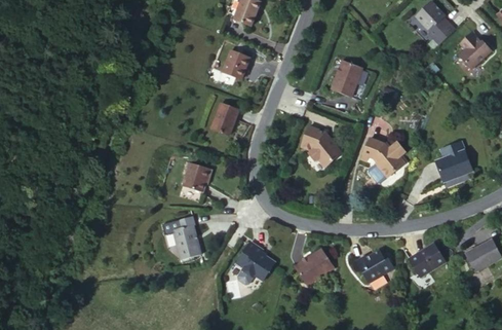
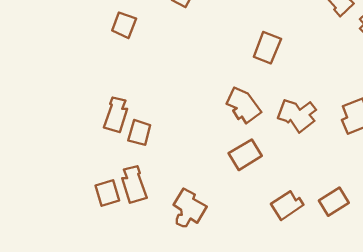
building: [220,48,248,79] -> [112,12,136,38]
building: [209,103,237,137] -> none
building: none -> [104,98,127,132]
building: none -> [96,180,119,206]
building: [296,251,336,288] -> [229,139,262,170]

